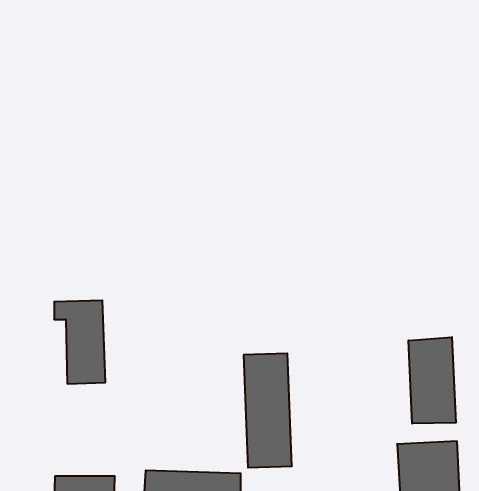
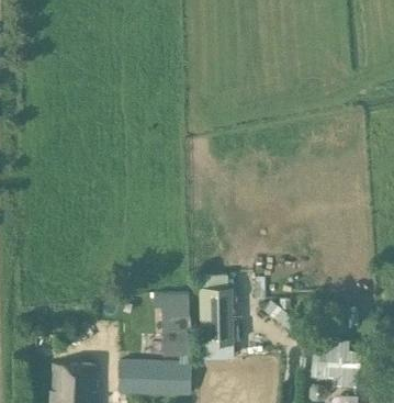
building: [54,300,105,384] -> [153,293,191,356]
building: [408,337,456,424] -> none

